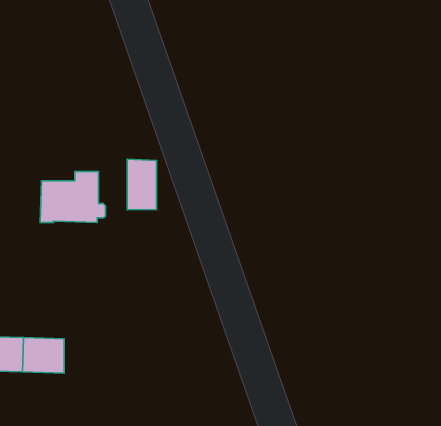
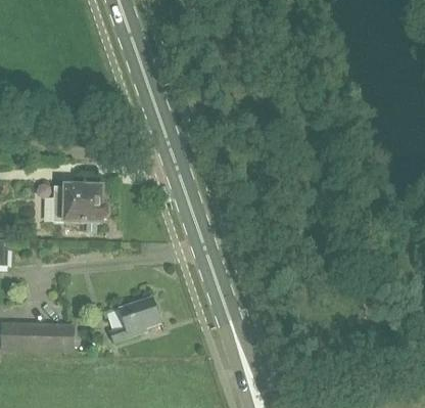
building: [127,159,156,210] -> none
building: none -> [109,297,159,342]

